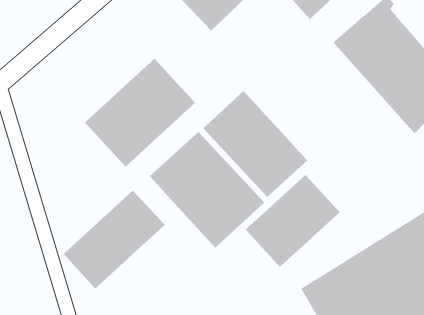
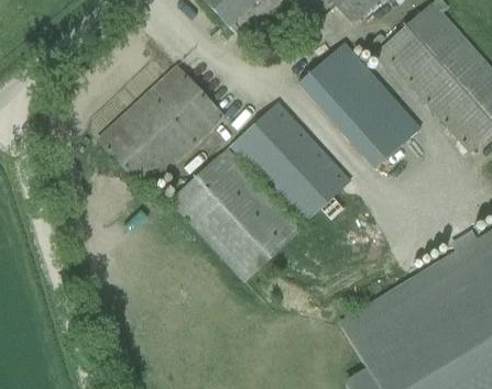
building: none -> [298,41,420,168]
building: [245,174,340,268] -> none
building: [63,190,165,290] -> none

